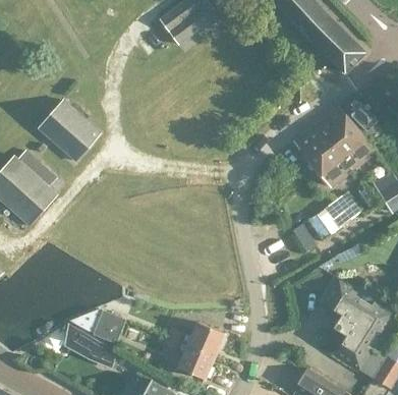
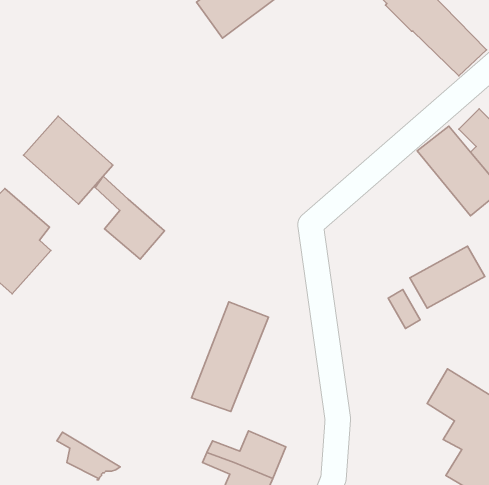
building: [294,124,353,187] -> none
building: none -> [95,176,165,259]
building: none -> [191,302,269,412]
building: [94,311,125,342] -> none

